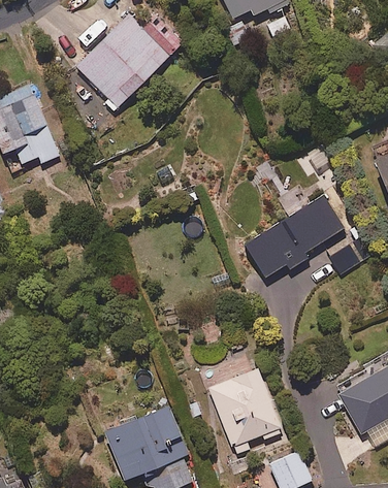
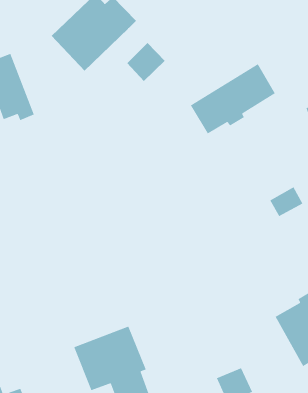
building: none -> [126,42,166,82]
building: [244,195,344,278] -> [190,63,276,134]
building: [207,368,283,458] -> none

